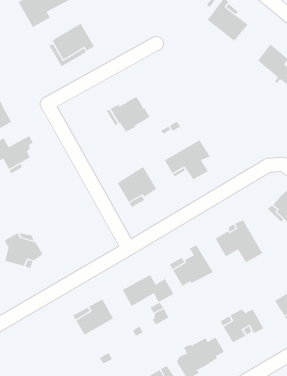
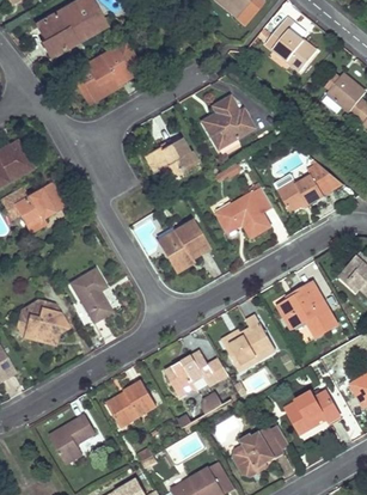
building: none -> [204,96,253,147]
building: none -> [276,166,341,214]
building: none -> [72,270,111,322]
building: none -> [48,414,94,464]

